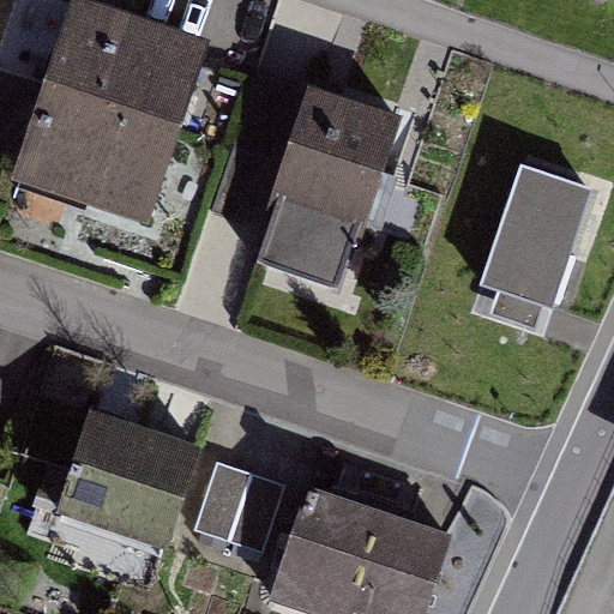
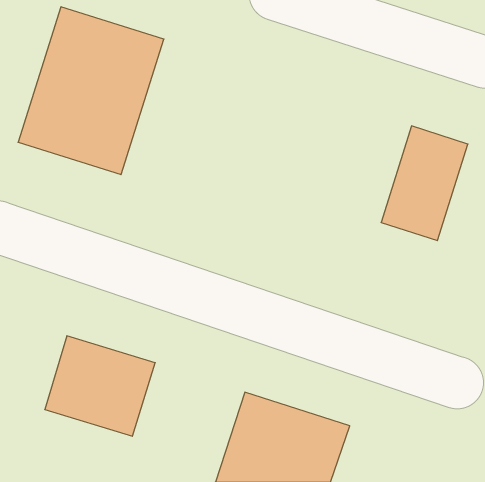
building: [235,101,399,313] -> none
building: [193,459,283,549] -> none

